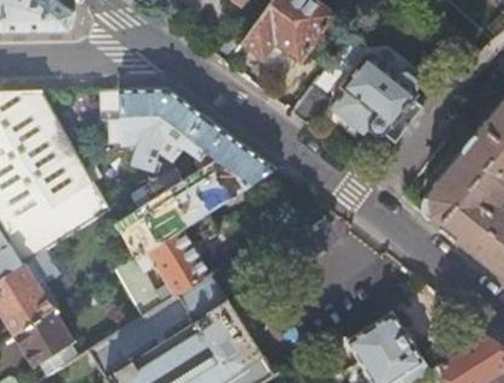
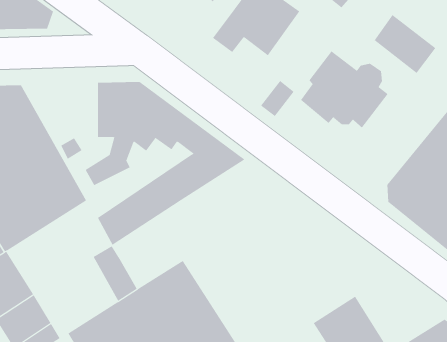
building: none -> [374,14,436,74]
building: [136,212,220,296] -> none

